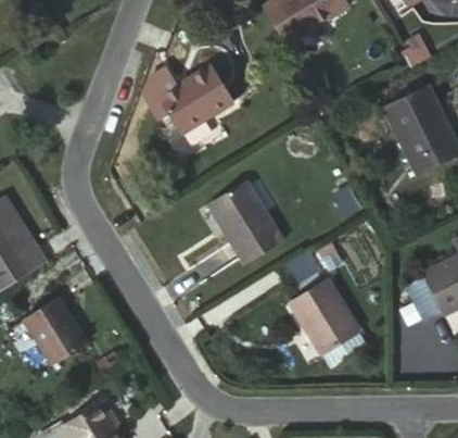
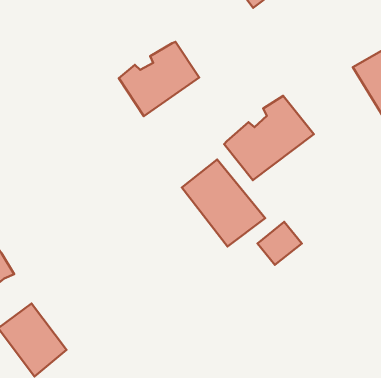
building: none -> [224,96,314,180]
building: [292,280,358,352] -> none

